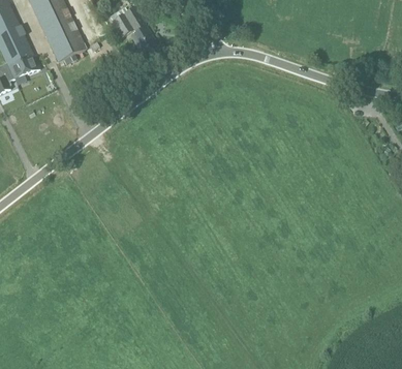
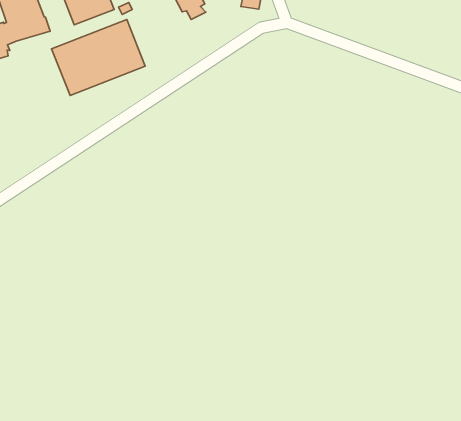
building: none -> [52,20,145,95]

